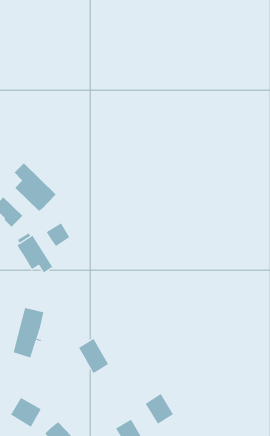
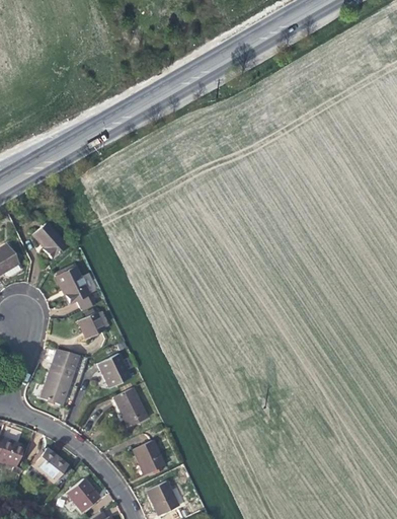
building: [14,162,56,212] -> none
building: [46,223,70,247] -> [78,313,104,340]
building: none -> [98,354,131,388]
building: [145,393,174,425] -> [134,440,165,474]

